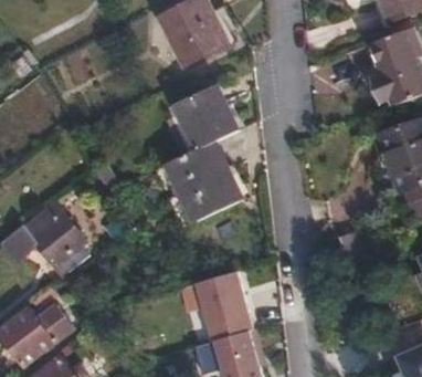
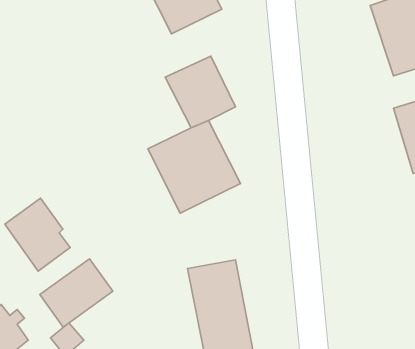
building: none -> [40,259,113,327]

